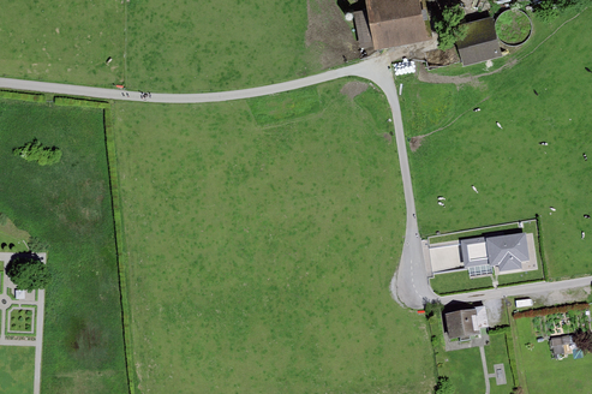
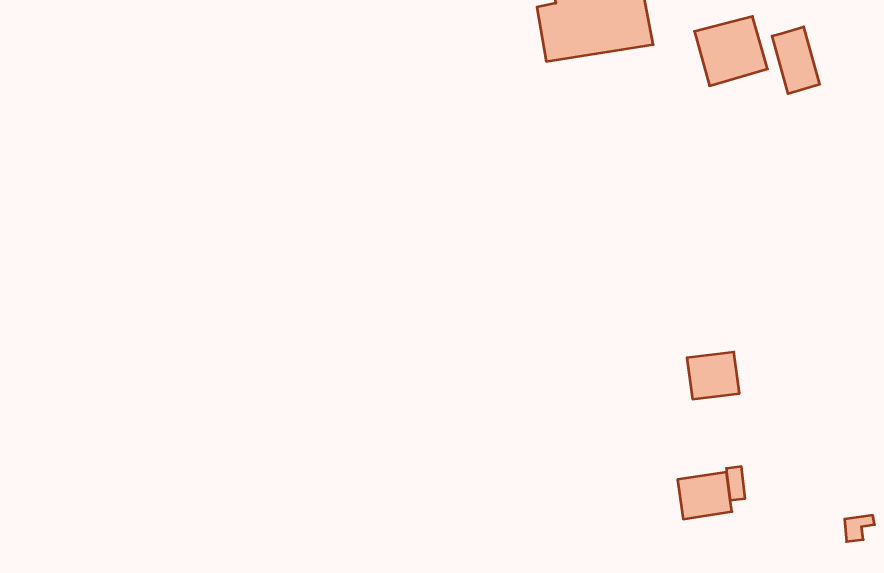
building: none -> [772,27,820,94]
building: [482,228,525,268] -> none

